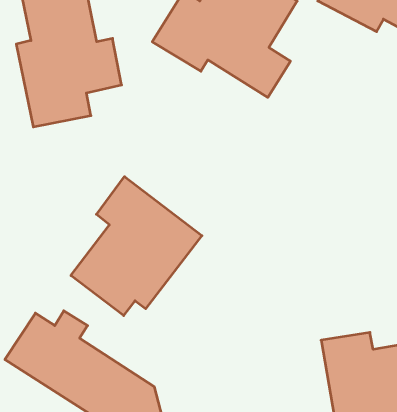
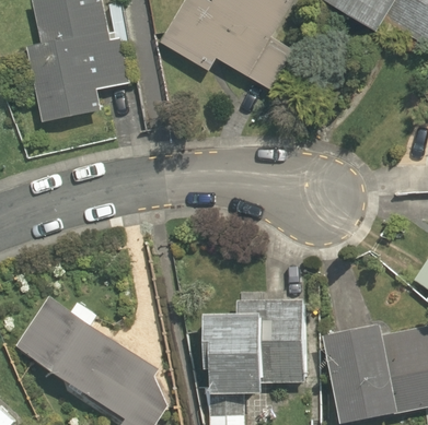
building: [71,177,202,316] -> none
building: none -> [195,302,313,390]

